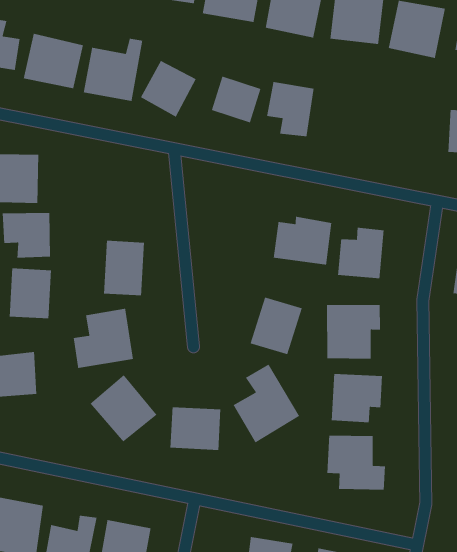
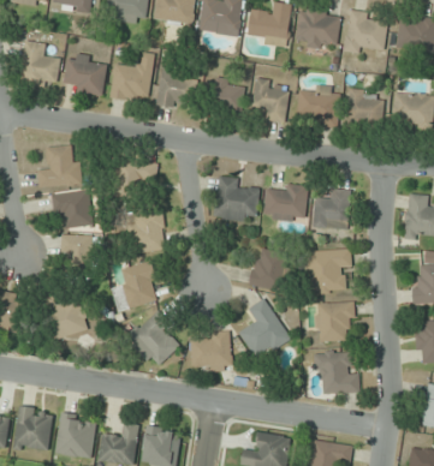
building: none -> [298,85,338,125]
building: none -> [349,90,382,124]
building: none -> [117,161,156,185]
building: none -> [215,175,258,220]

